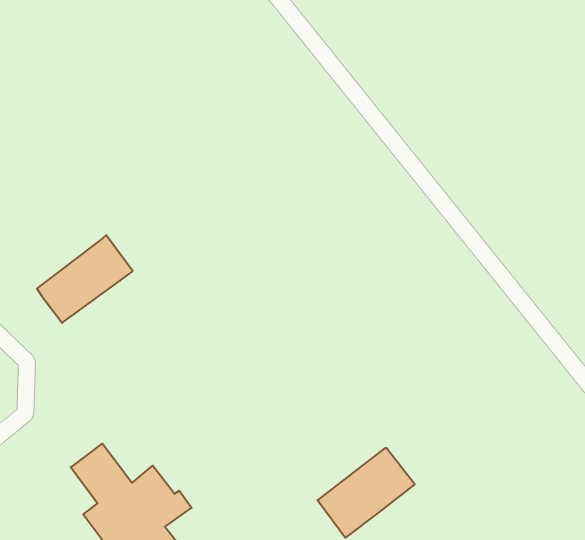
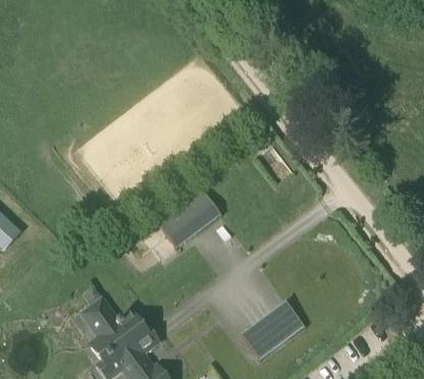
building: [37,235,133,323] -> [158,189,220,247]

